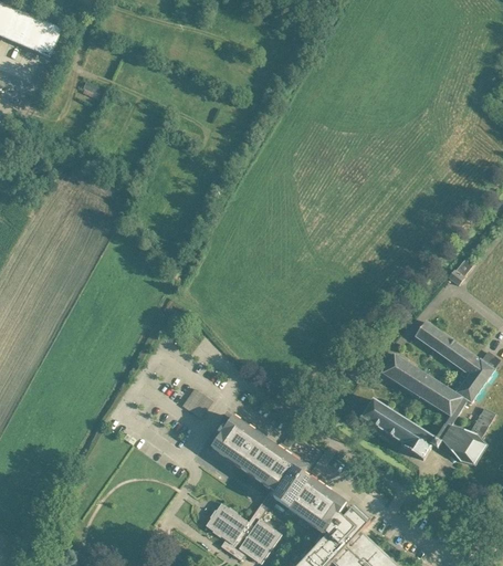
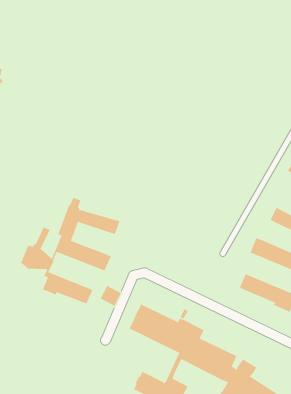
building: none -> [20,197,121,305]

